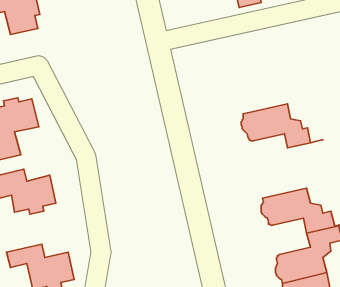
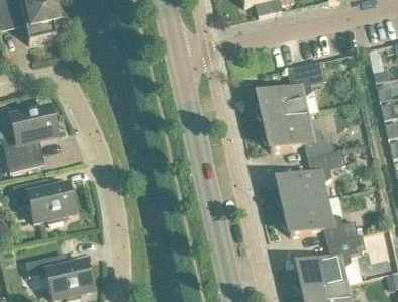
building: none -> [257,61,324,122]
building: none -> [276,148,343,207]

